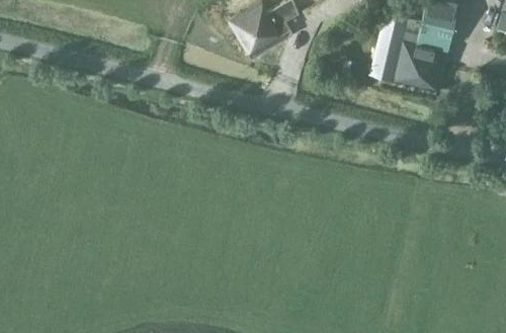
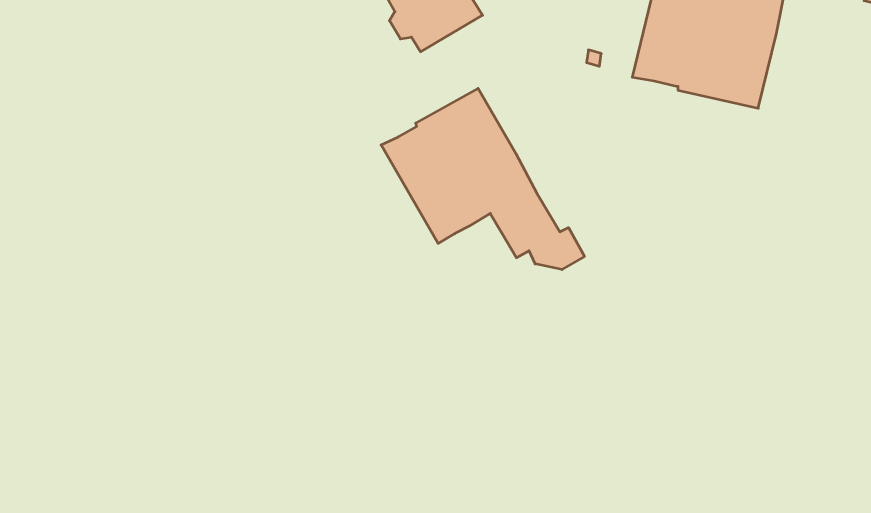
building: none -> [381,88,584,270]

